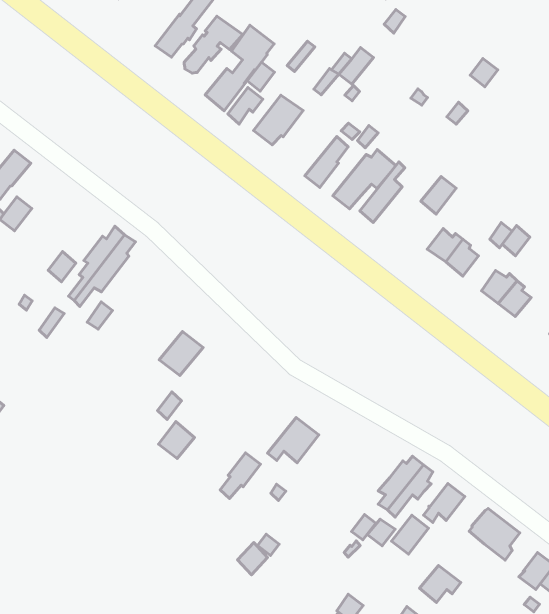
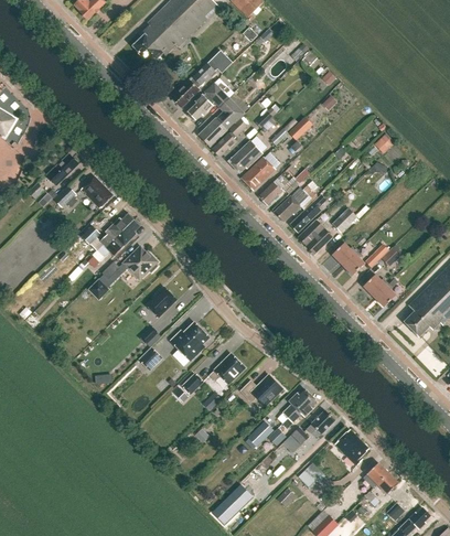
building: none -> [242,157,276,191]
building: none -> [82,176,114,208]
building: none -> [299,221,332,254]
building: none -> [124,246,158,279]
building: none -> [171,322,210,361]
building: none -> [240,375,282,406]

